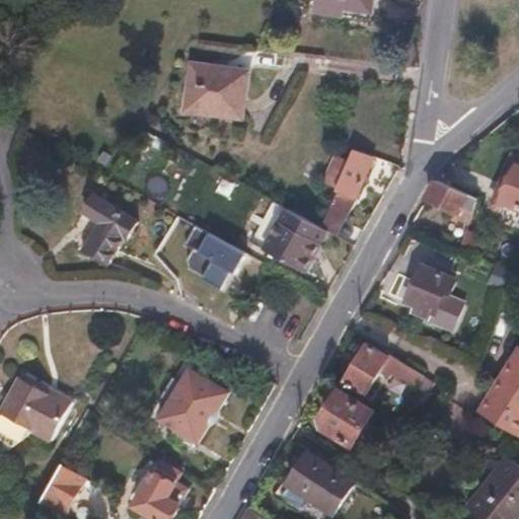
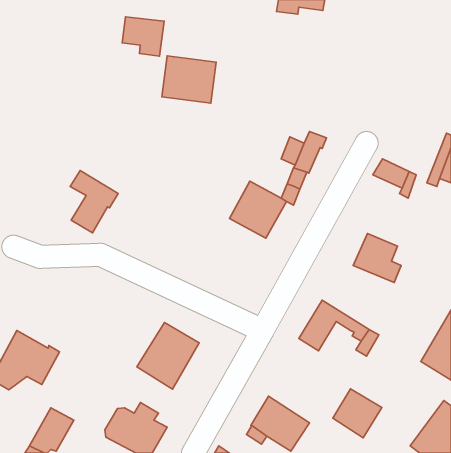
building: none -> [122,17,164,56]
building: [186,227,247,290] -> none
building: [317,391,373,447] -> [333,389,382,438]

